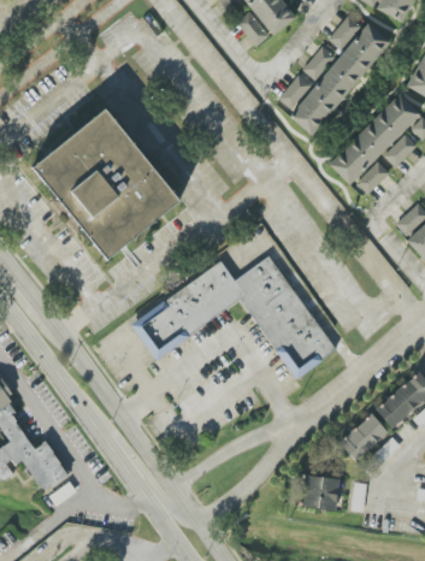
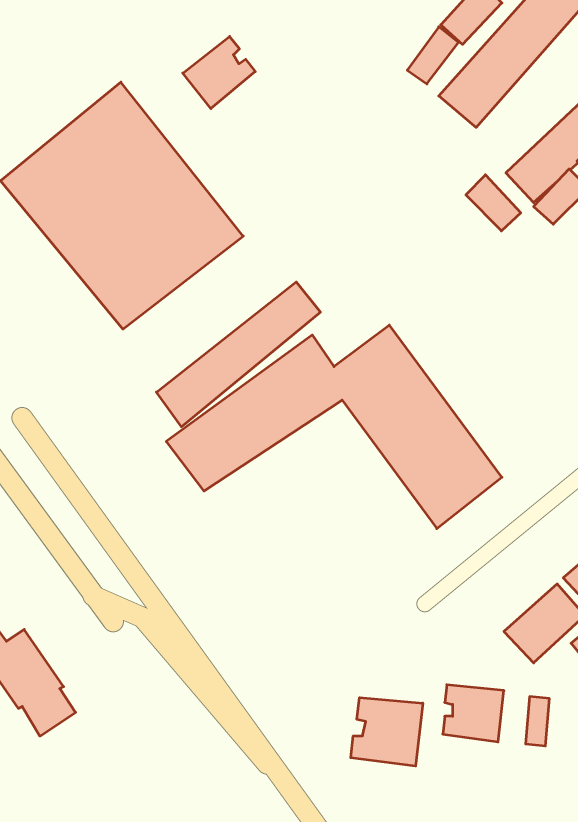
building: none -> [183,36,255,109]
building: none -> [466,175,521,231]
building: none -> [156,282,320,427]
building: none -> [351,698,423,766]

